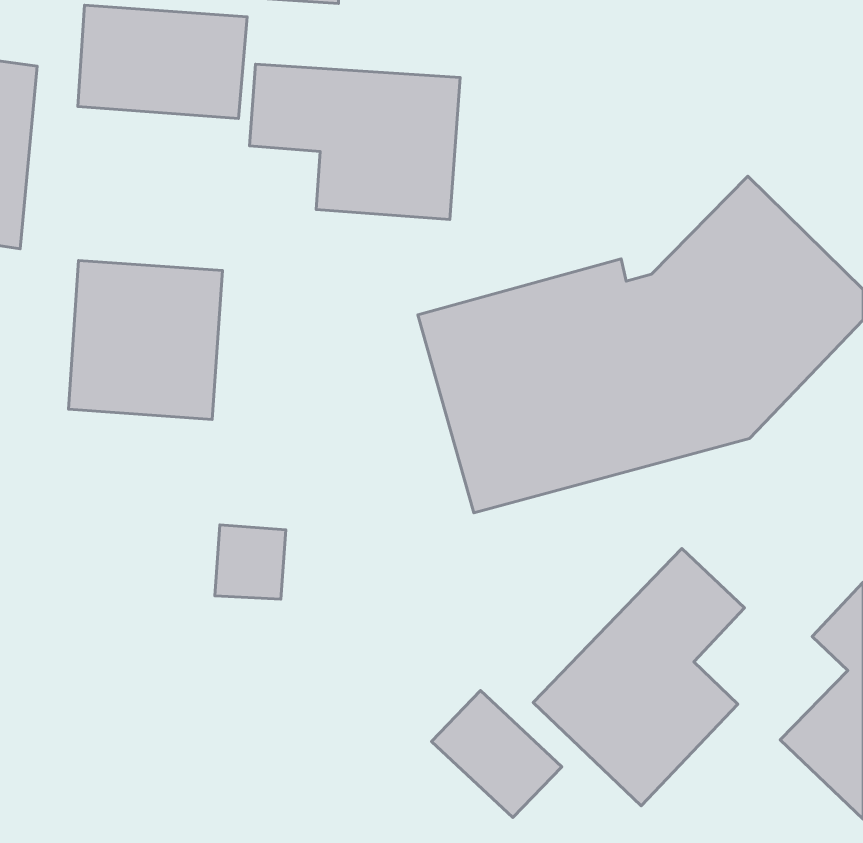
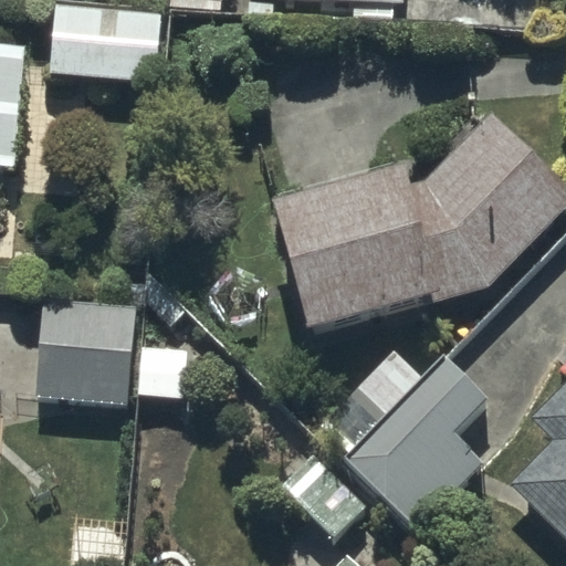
building: [249,64,460,219] -> none
building: [68,260,222,419] -> [36,295,137,399]

